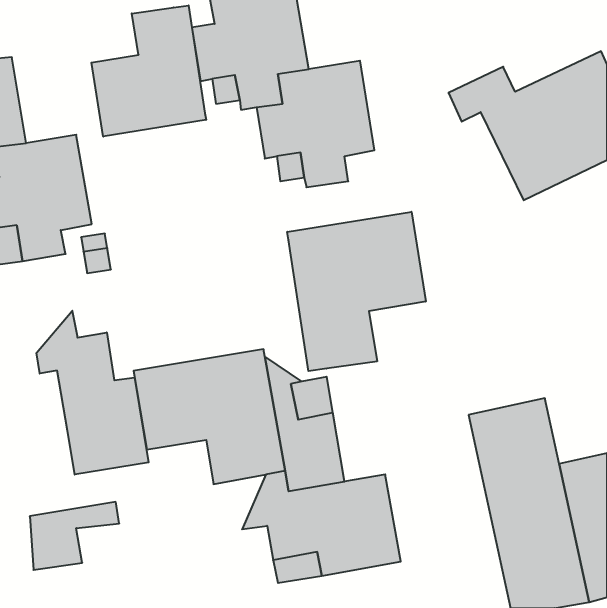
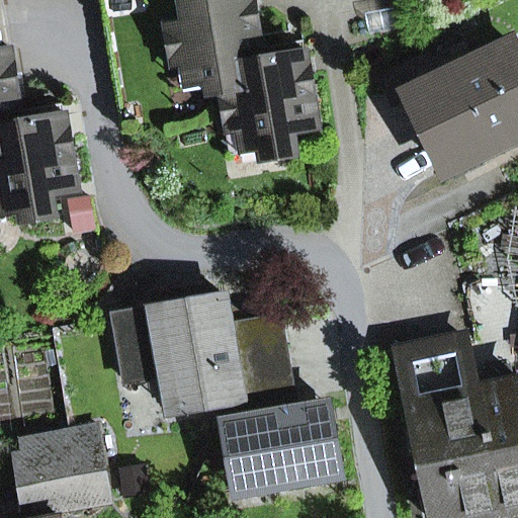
building: [91,5,206,137] -> none
building: [287,212,426,371] -> none
building: [37,311,149,475] -> none
building: none -> [28,444,108,512]

